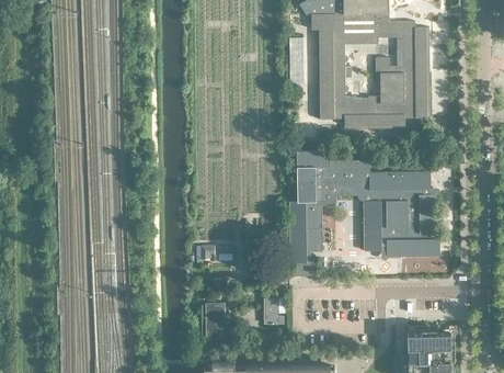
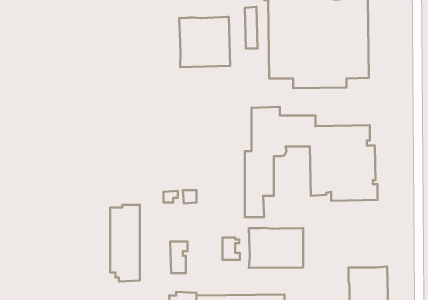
building: none -> [179,17,230,67]
building: none -> [110,205,140,282]
building: none -> [249,228,303,268]

